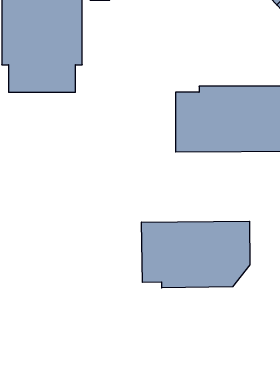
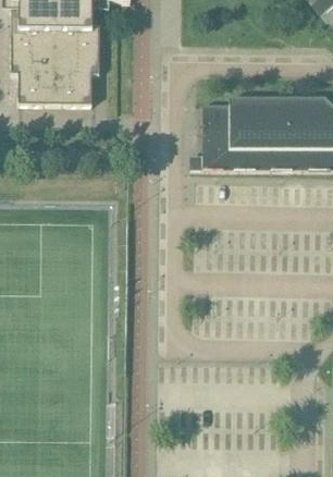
building: [142,221,250,288] -> none

